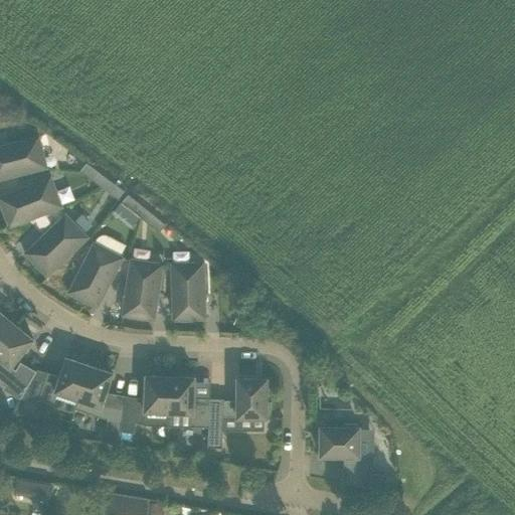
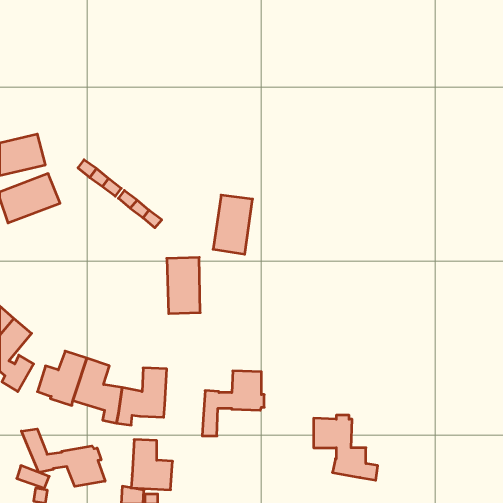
building: [24,215,87,278] -> none
building: [67,235,125,309] -> none
building: [122,261,162,321] -> [213,195,253,254]
building: [167,377,209,428] -> [131,440,173,490]
building: none -> [21,429,105,486]

